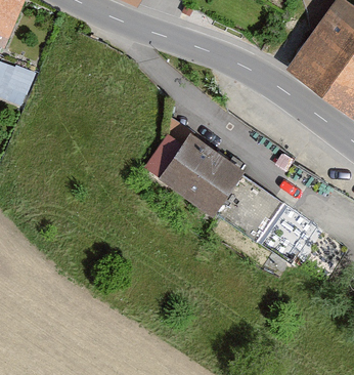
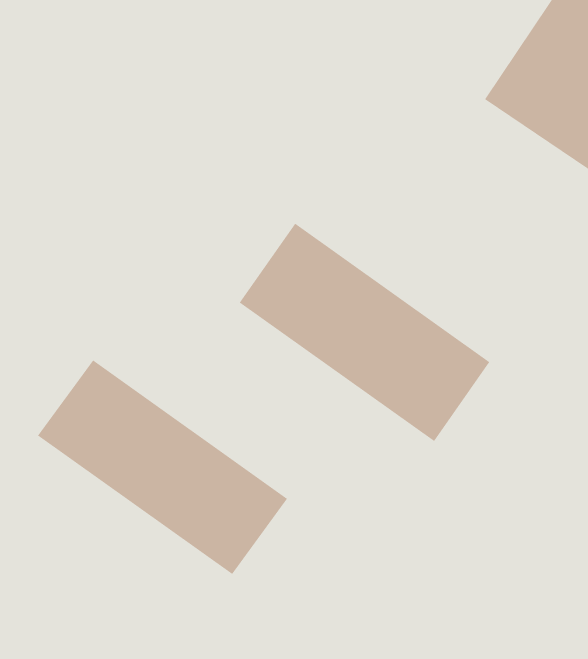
building: none -> [37,359,288,575]

